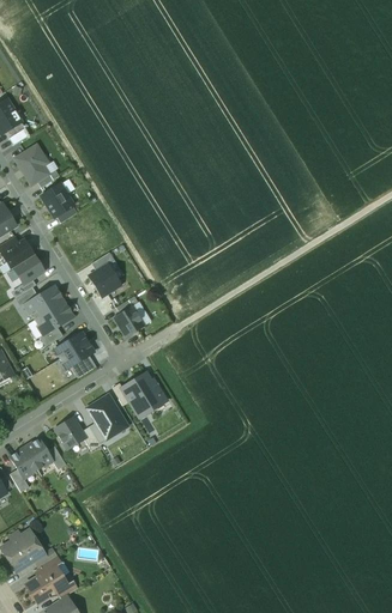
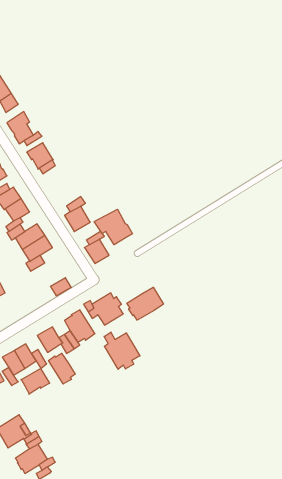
building: none -> [94,209,132,245]
building: [54,332,94,368] -> none
building: none -> [127,287,163,320]
building: none -> [104,332,140,369]
building: none -> [49,353,75,384]
building: none -> [21,368,50,394]

